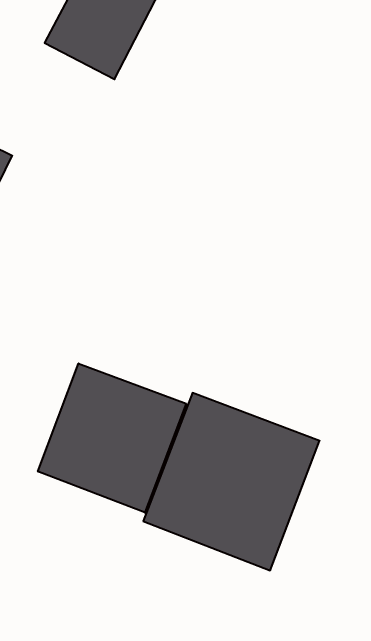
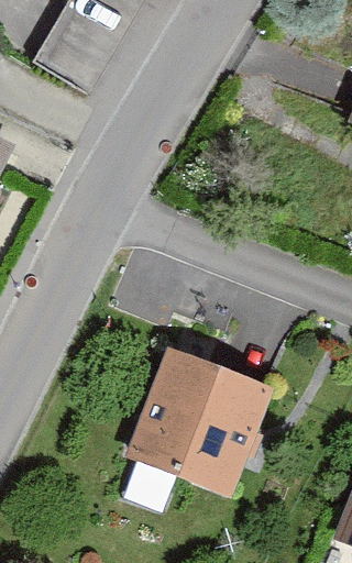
building: [38,363,186,513] -> none

